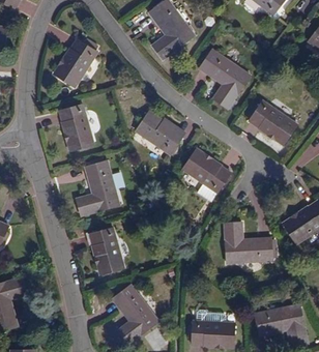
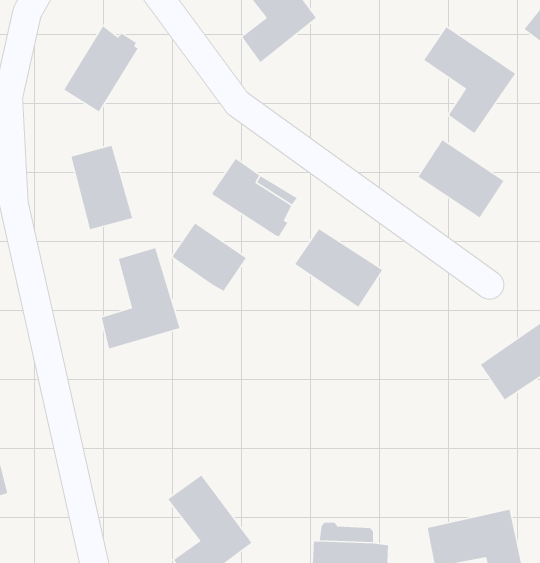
building: [200,49,251,108] -> [423,26,516,134]
building: none -> [171,223,247,292]
building: [225,222,272,262] -> none
building: [89,227,123,273] -> none

